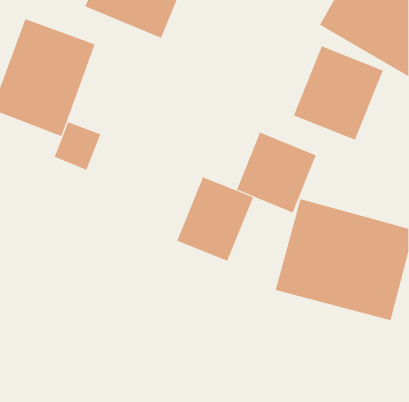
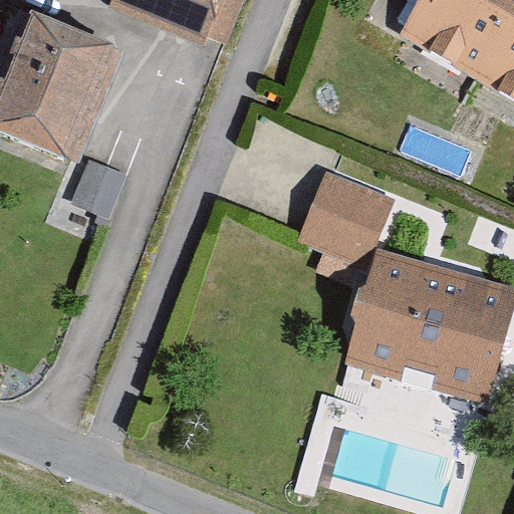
building: [293,46,383,140] -> none
building: [177,177,254,261] -> none

